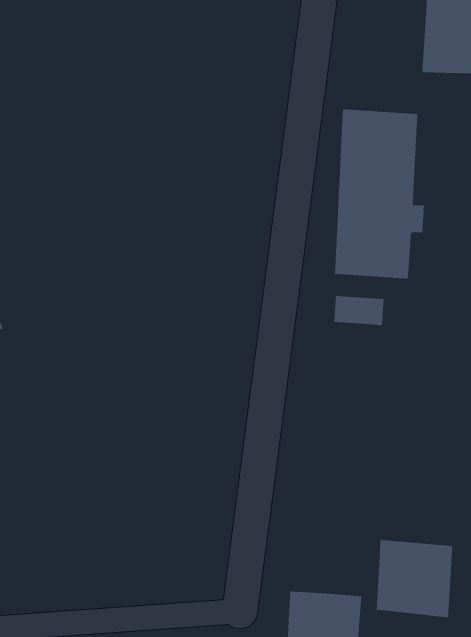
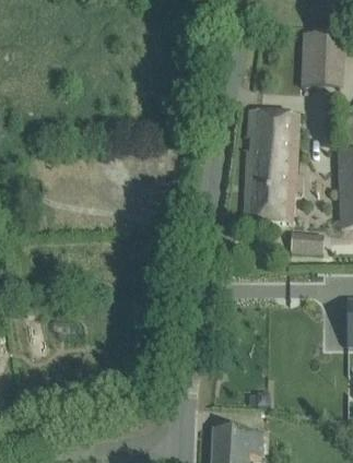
building: [333,296,385,325] -> [290,232,323,251]
building: [376,539,453,618] -> none

